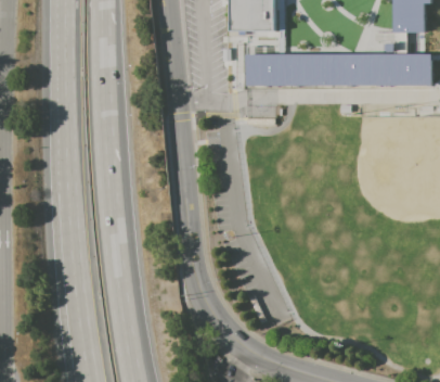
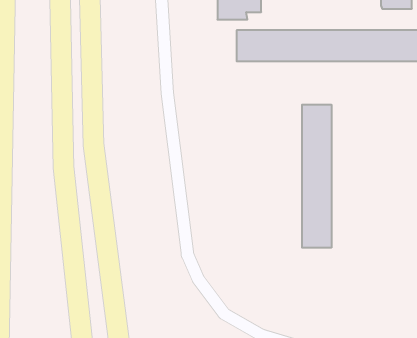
building: none -> [302,105,331,248]

